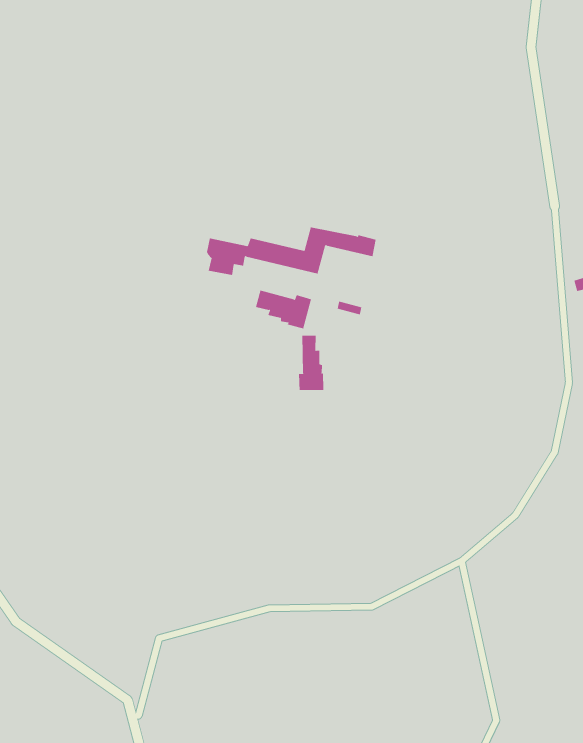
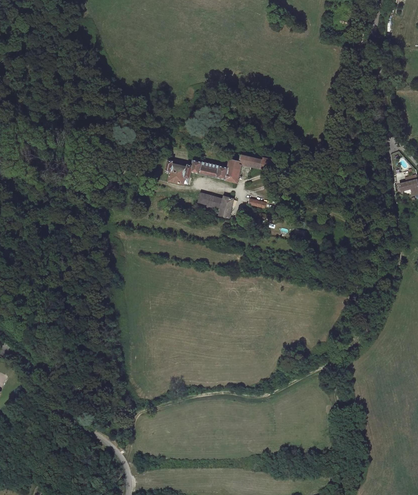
building: [299,335,324,391] -> none

